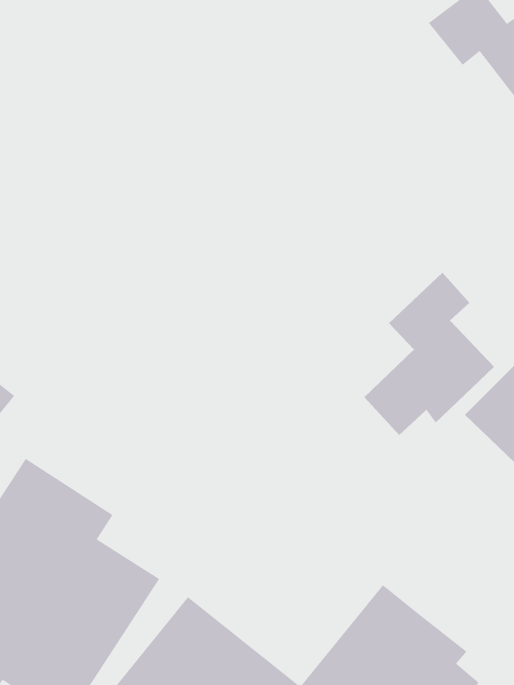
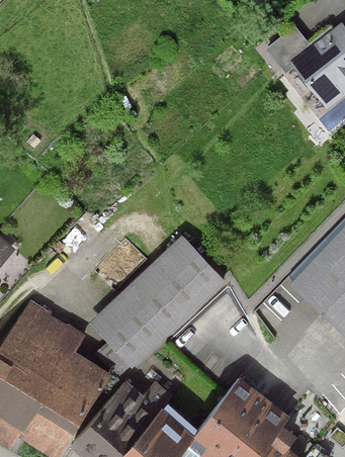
building: [363,272,495,436] -> none
building: none -> [89,238,224,368]

